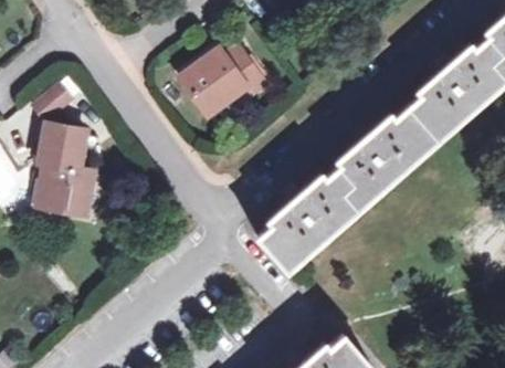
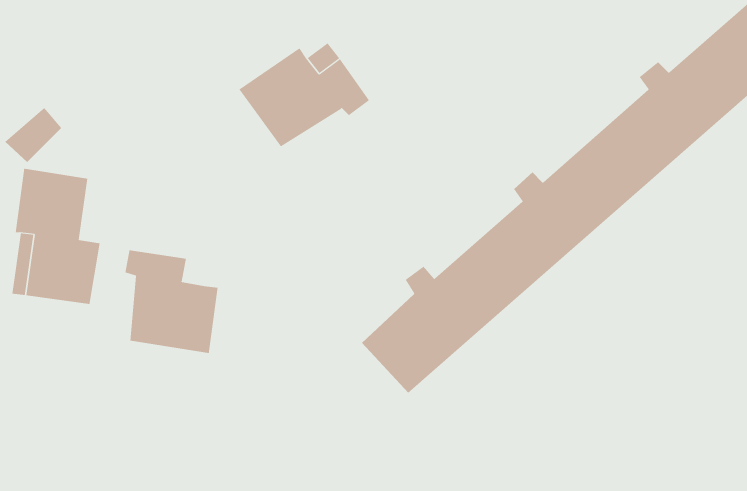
building: none -> [125,250,218,354]

